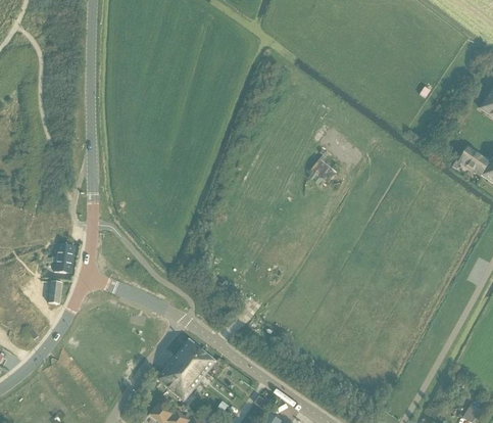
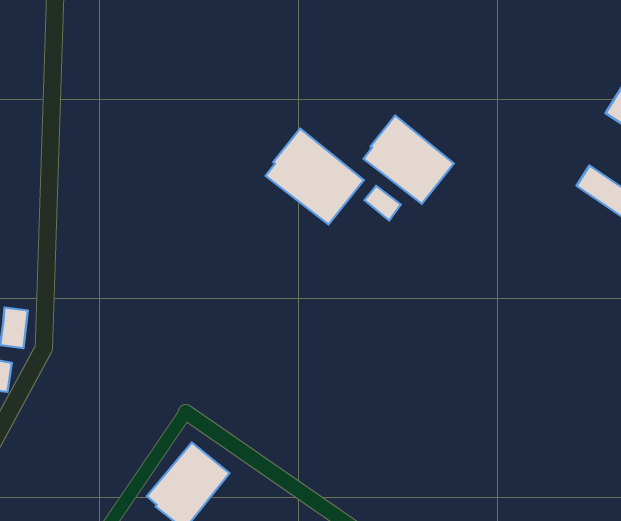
building: none -> [364,116,454,204]
building: none -> [266,128,364,224]

